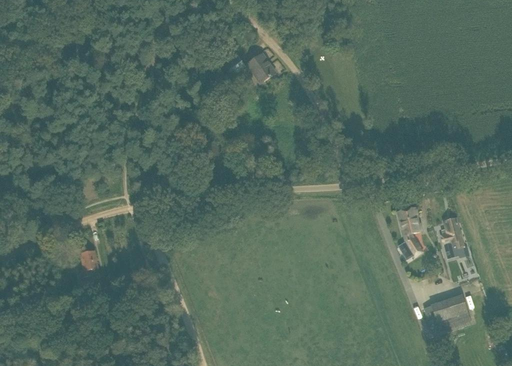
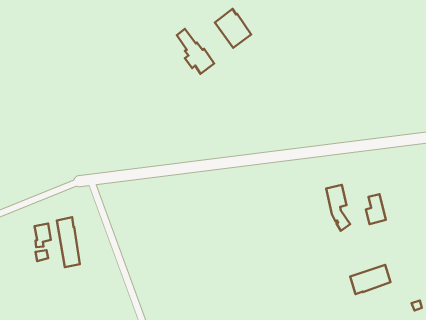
building: none -> [215,9,251,48]
building: none -> [57,217,80,267]

